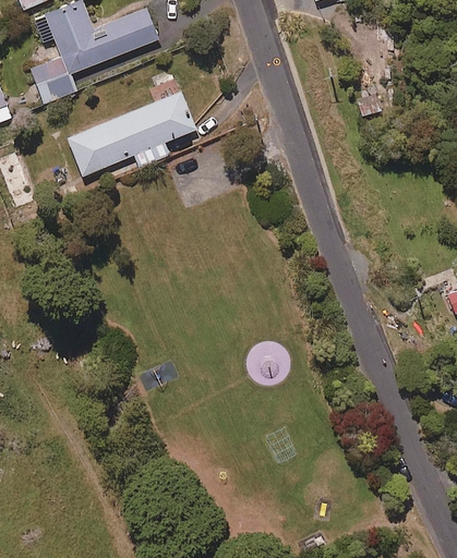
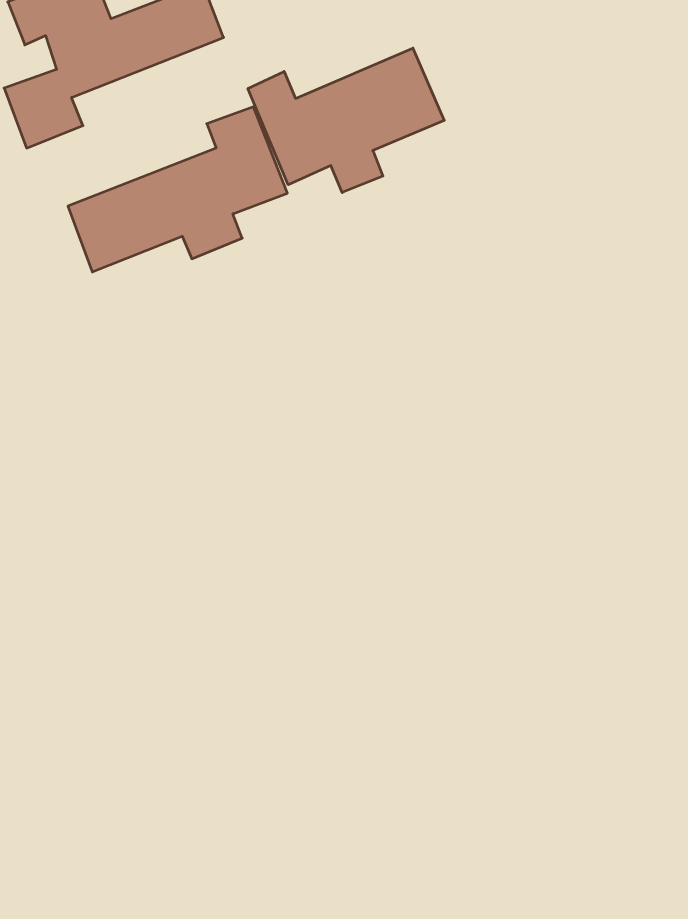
building: none -> [248,48,444,193]

